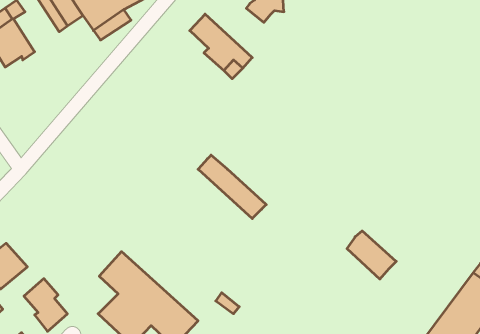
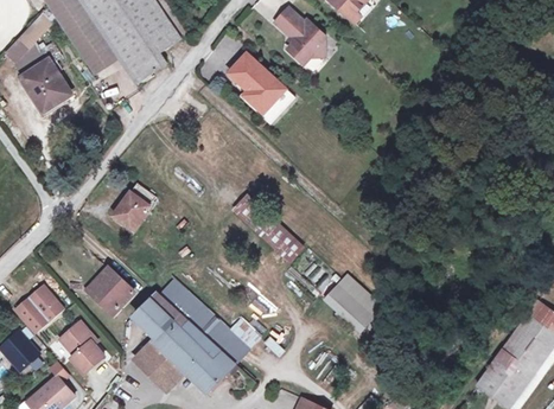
building: none -> [113,181,158,230]
building: none -> [88,268,133,312]
building: [347,231,396,279] -> [330,281,380,330]
building: none -> [159,279,250,364]

